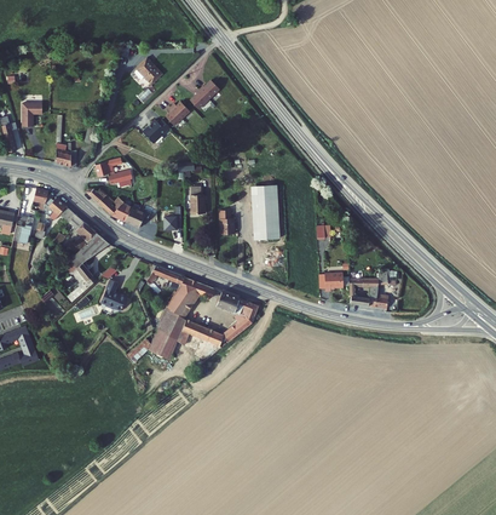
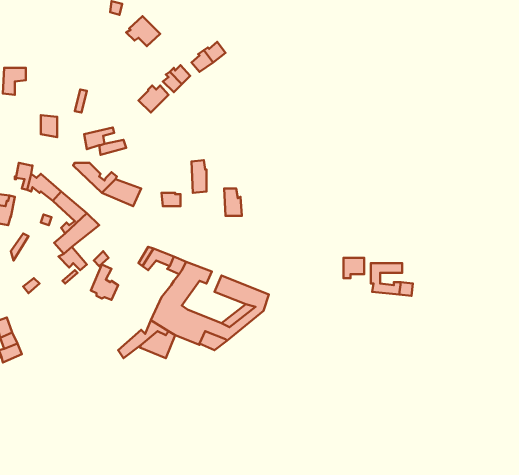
building: [252,185,281,239] -> none

